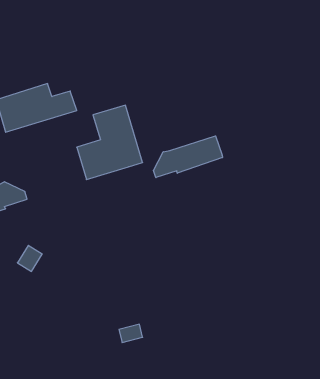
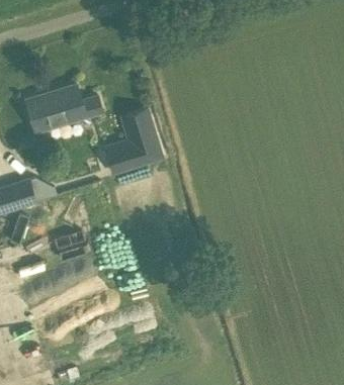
building: [153,136,222,178] -> none

